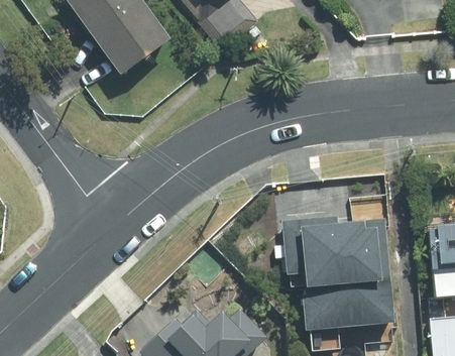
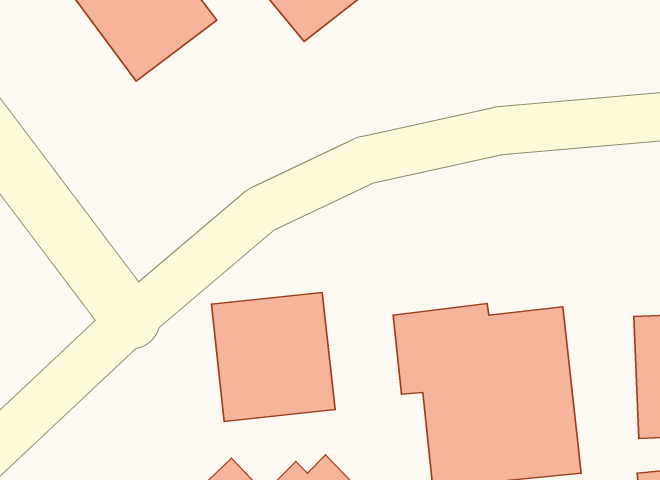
building: none -> [211,292,335,421]

